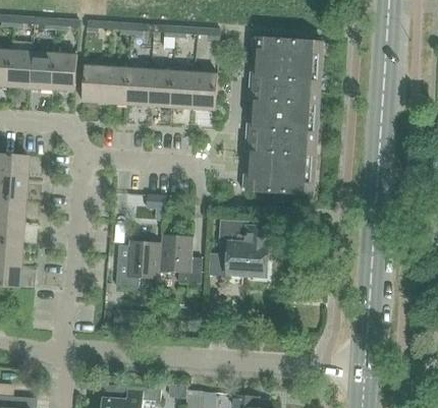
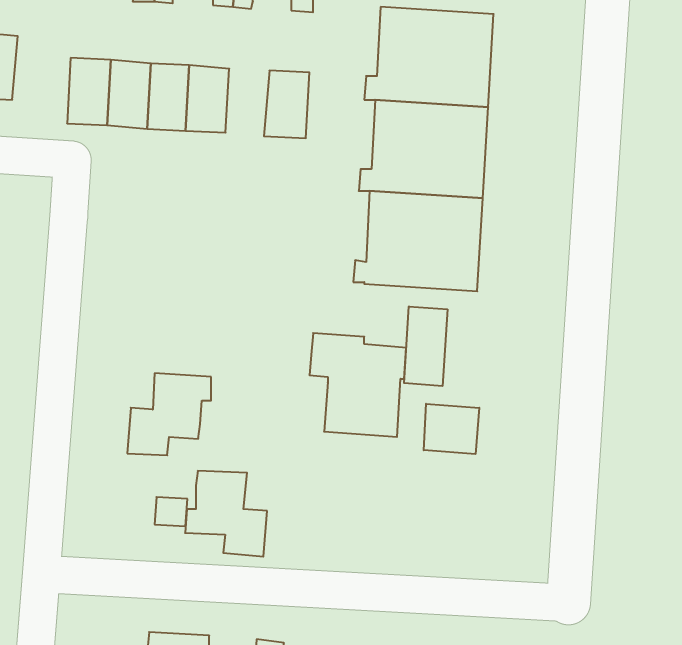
building: [52,53,77,91] -> none
building: [171,71,196,109] -> none
building: none -> [404,306,447,386]
building: [157,235,203,283] -> [185,471,267,557]
building: none -> [424,404,479,454]

